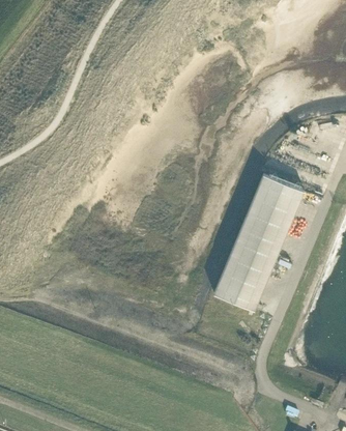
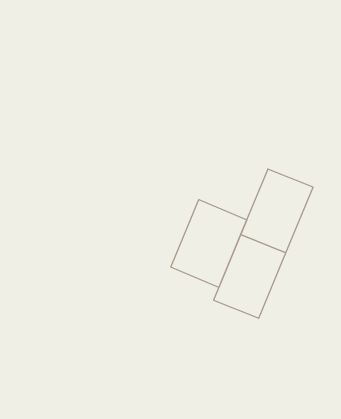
building: none -> [171,200,247,288]

